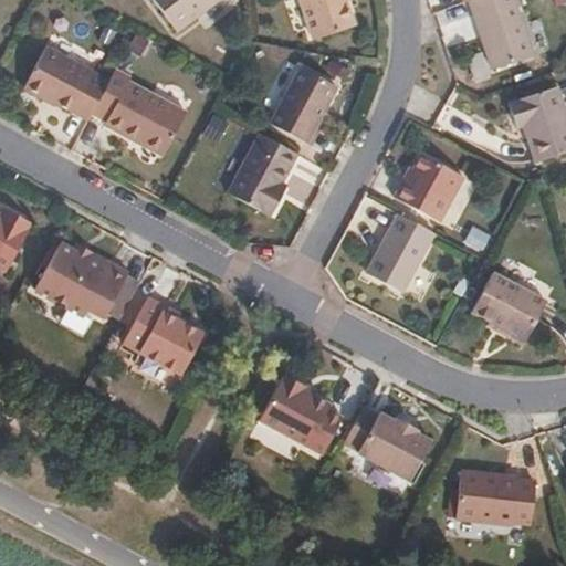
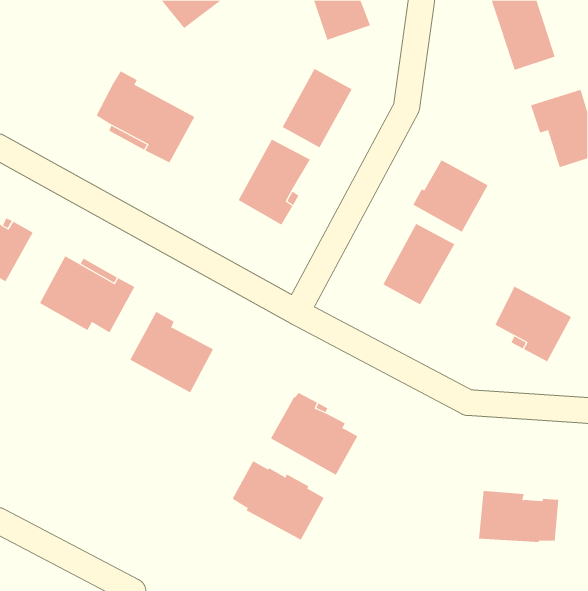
building: [23,44,108,118] -> none
building: [344,406,432,482] -> [232,461,324,540]

